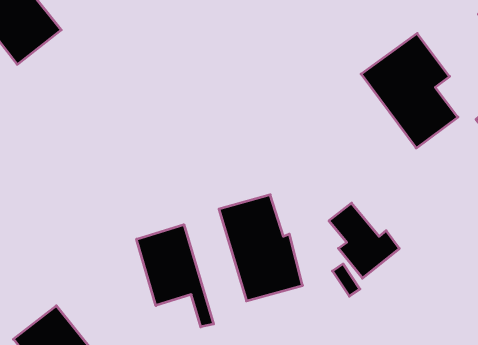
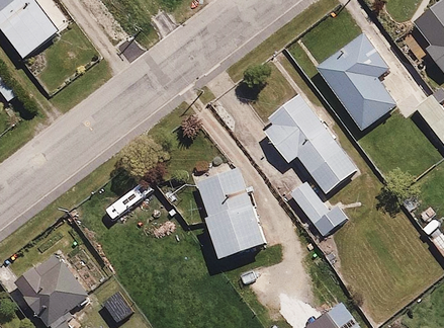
building: none -> [264,99,358,196]
building: [137,225,214,327] -> none

